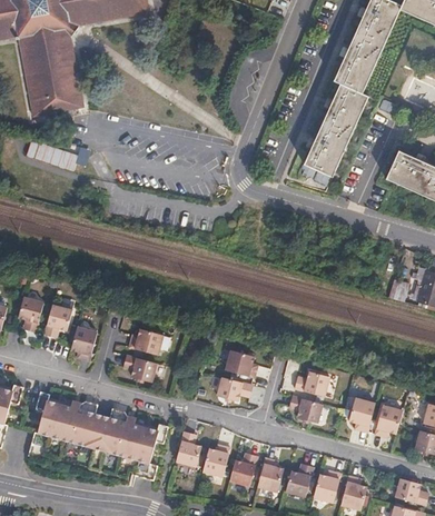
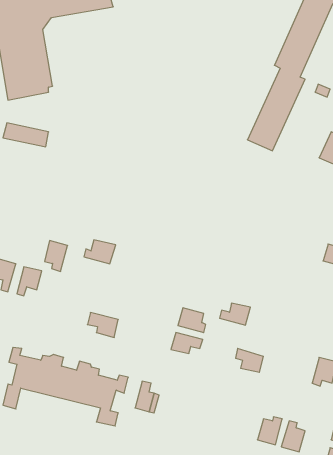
building: [72,325,98,359] -> [45,241,68,271]
building: [129,328,165,355] -> [84,240,116,264]
building: [294,371,328,396] -> [220,303,250,325]
building: [348,398,376,431] -> none
building: [202,446,231,477] -> none
building: [230,453,259,484] -> none
building: [258,456,284,492] -> none
building: [286,464,315,496] -> none

